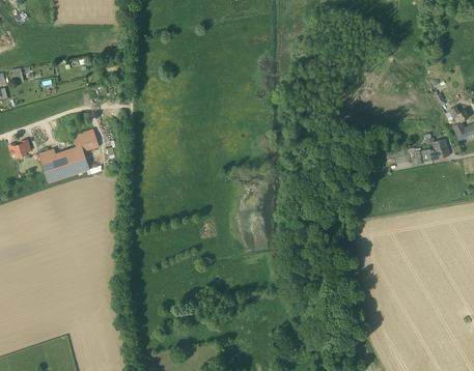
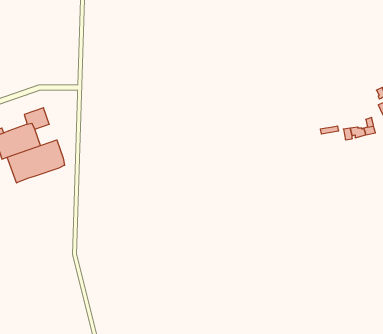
building: none -> [7,140,65,183]

